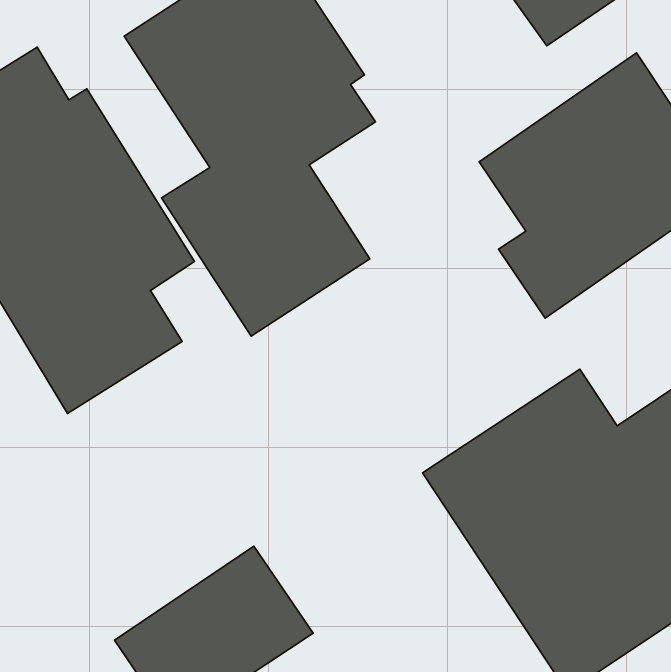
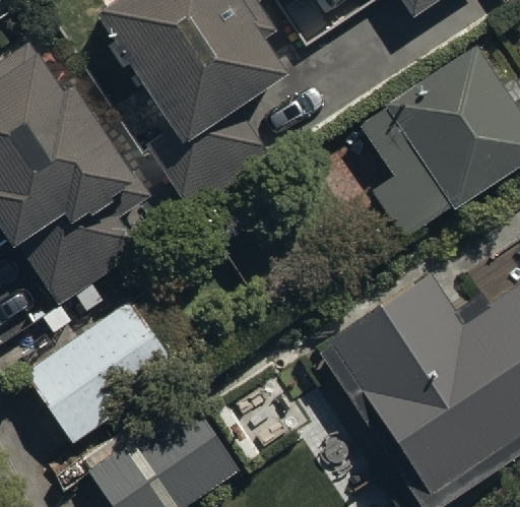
building: none -> [22,296,179,439]

